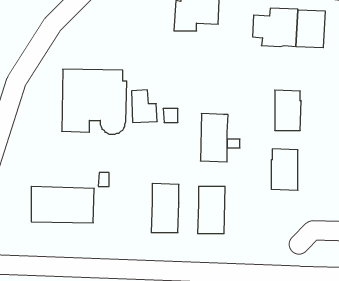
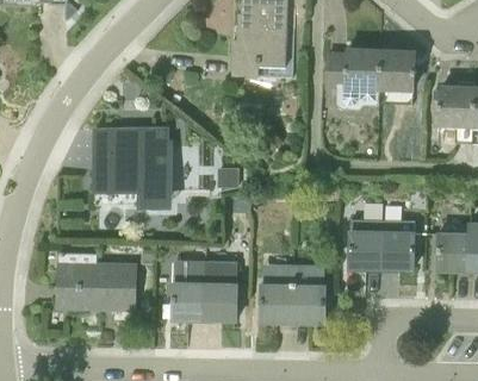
building: [275,90,301,130] -> [381,220,414,269]
building: [200,114,228,162] -> [292,264,325,323]
building: none -> [172,261,205,320]

